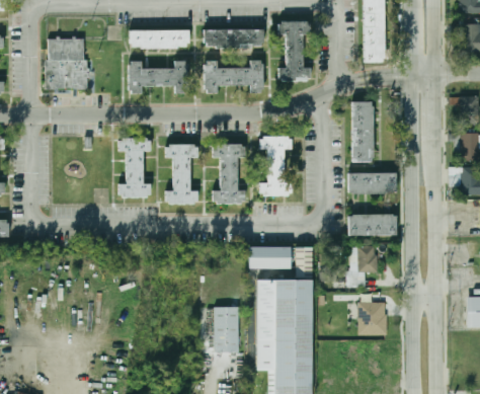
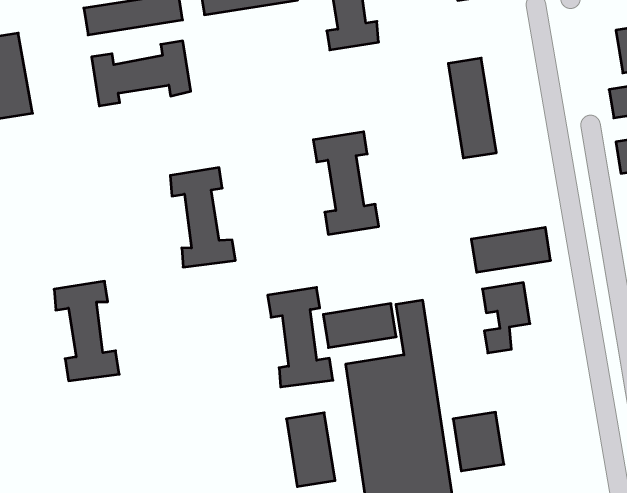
building: [204,60,262,93] -> none
building: [117,138,151,198] -> [54,281,119,381]
building: [212,144,245,204] -> [268,287,333,387]
building: [348,173,396,193] -> none
building: [358,302,386,335] -> [453,412,504,471]

